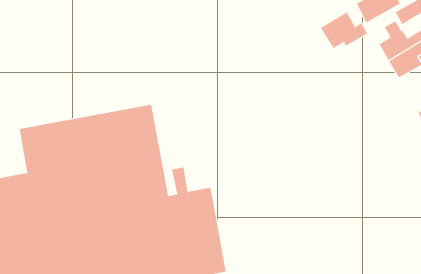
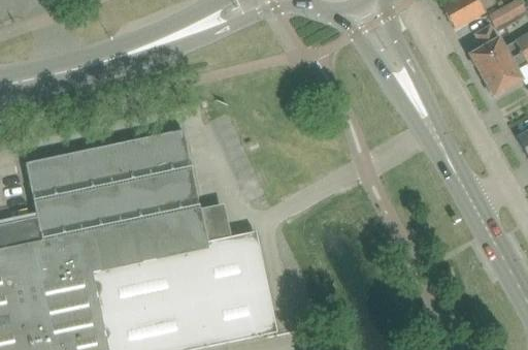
building: [320,12,368,49] -> none

